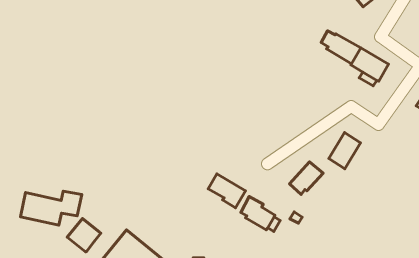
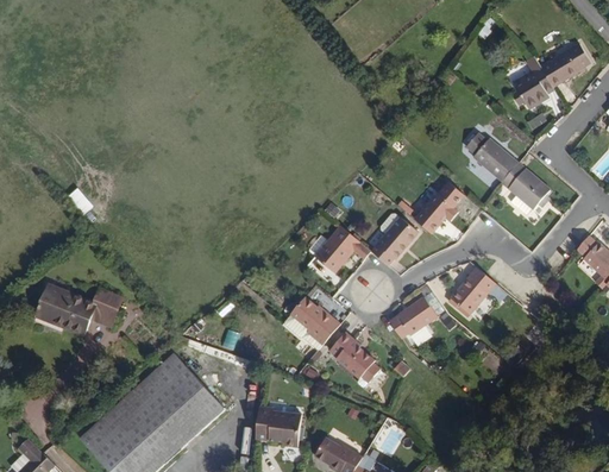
building: none -> [415,191,459,232]
building: none -> [371,220,417,266]
building: none -> [314,225,359,272]
building: [67,218,101,252] -> none

